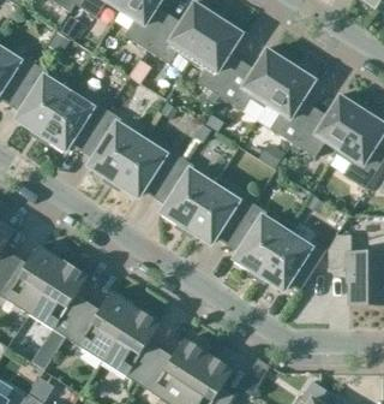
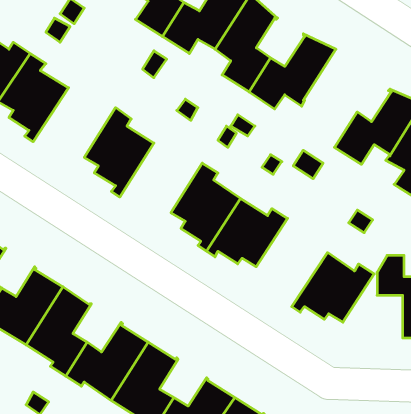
building: [256,60,317,143] -> none
building: [37,93,107,151] -> none
building: [110,139,180,198] -> none
building: [226,203,286,278] -> none

